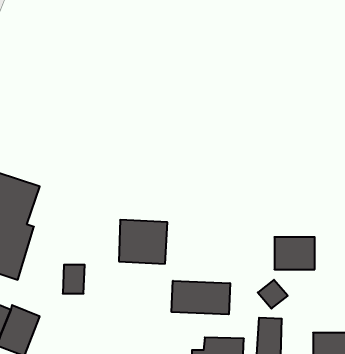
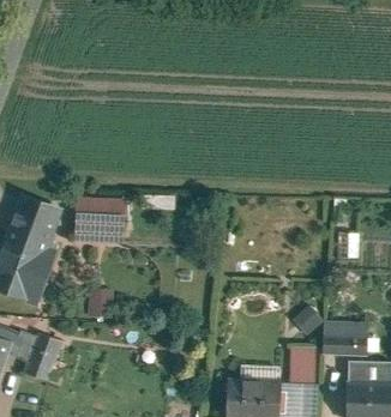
building: [119,220,167,264] -> [77,198,127,243]
building: [274,237,315,269] -> [326,322,368,356]
building: [172,281,230,314] -> none

